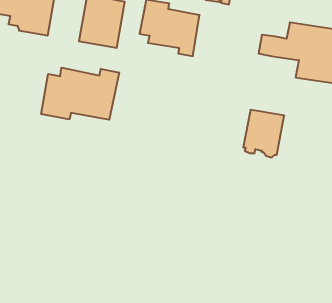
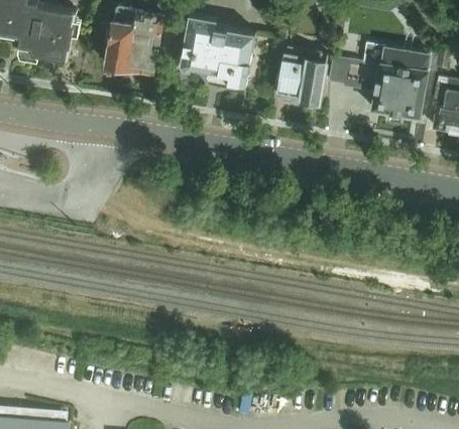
building: [41,68,119,120] -> none
building: [243,110,284,157] -> [276,49,327,108]

